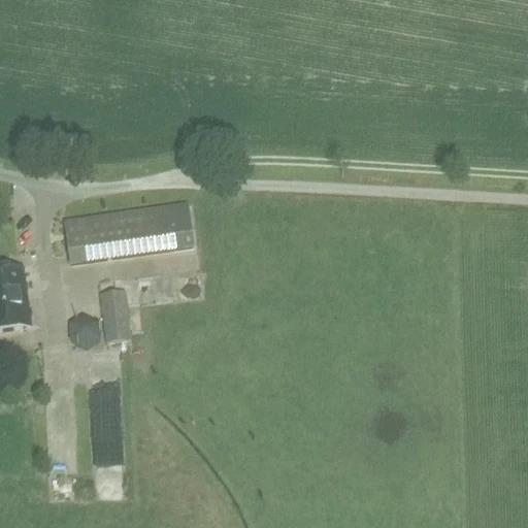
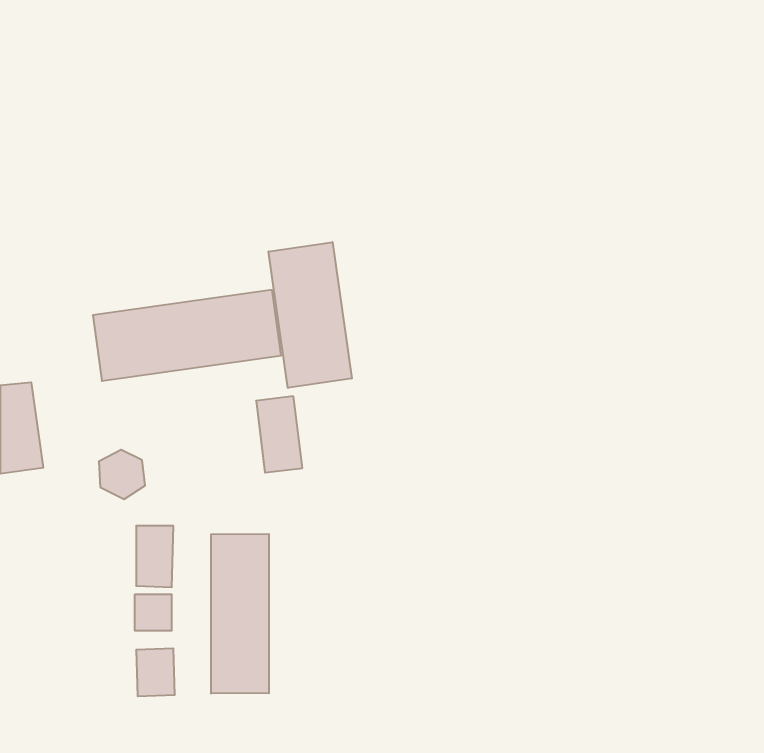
building: none -> [269,242,352,388]
building: [99,288,131,340] -> [256,396,302,473]
building: none -> [211,534,269,694]

